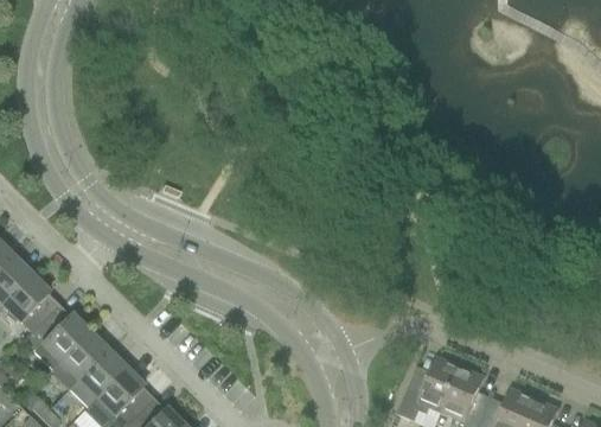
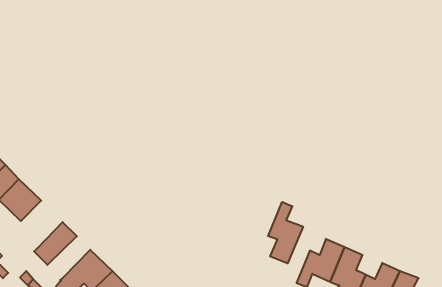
building: [23,304,87,368] -> none
building: none -> [268,202,303,263]
building: [68,351,123,407] -> none

